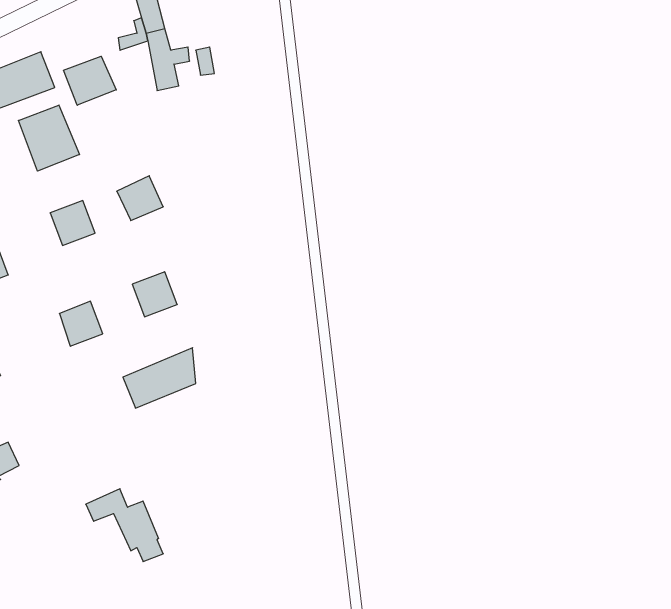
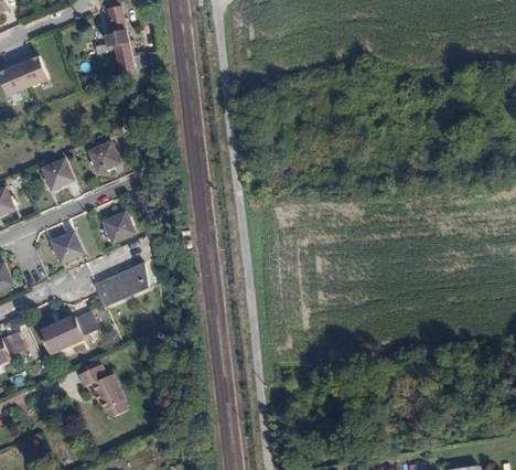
building: [64,56,116,105] -> none
building: [18,105,79,171] -> none
building: none -> [39,309,97,351]

